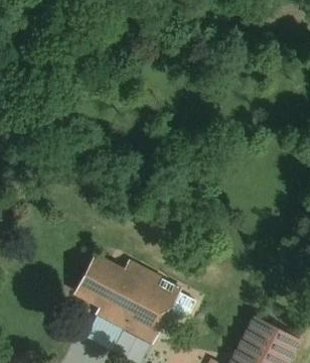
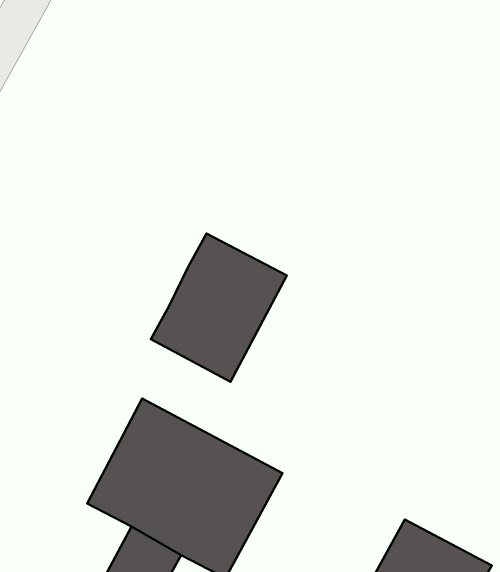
building: none -> [151,234,287,382]

